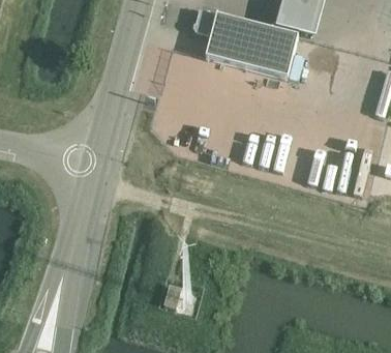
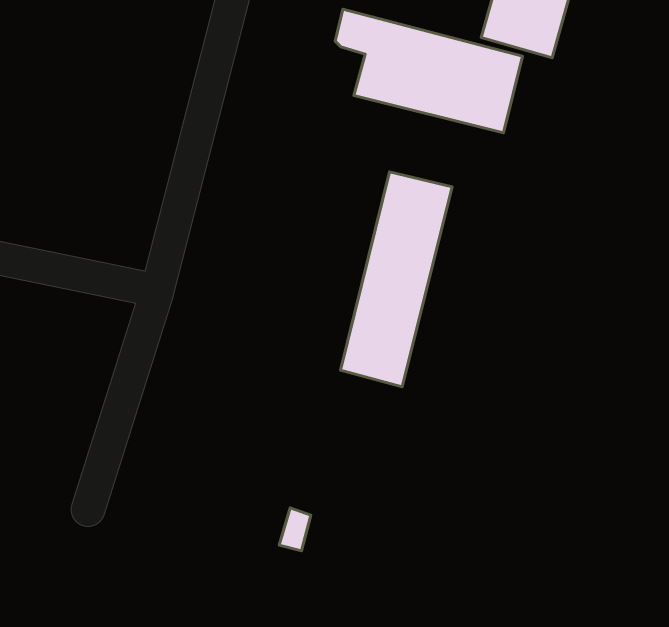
building: none -> [341,172,452,387]

